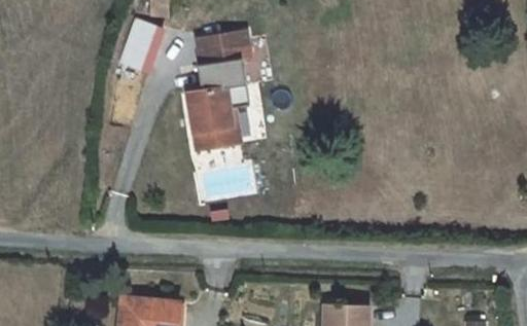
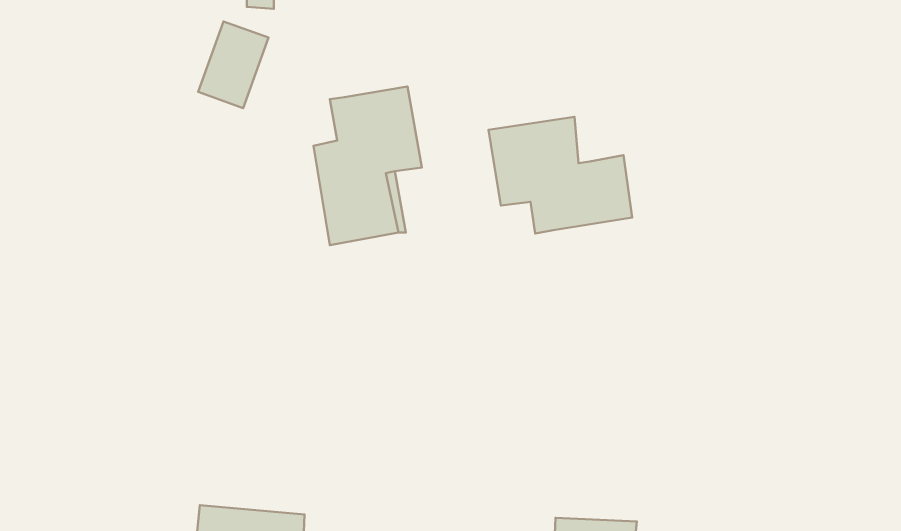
building: [199,32,248,66] -> none
building: none -> [488,117,632,233]

